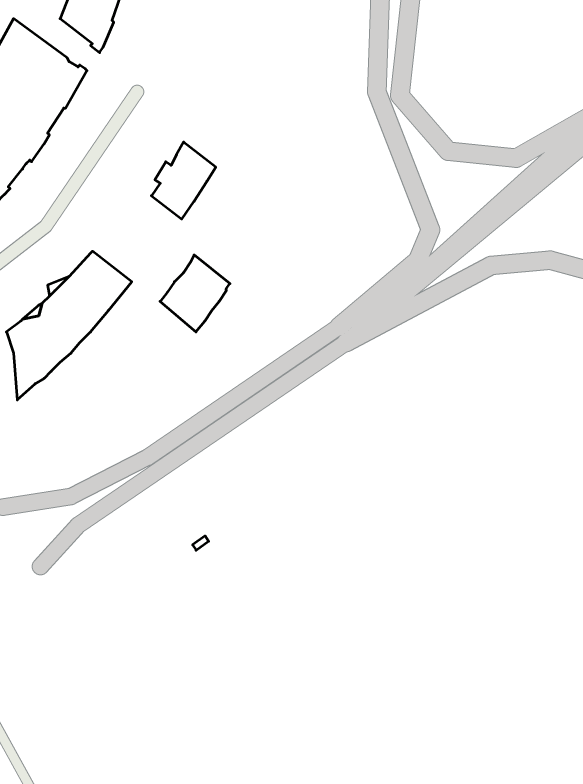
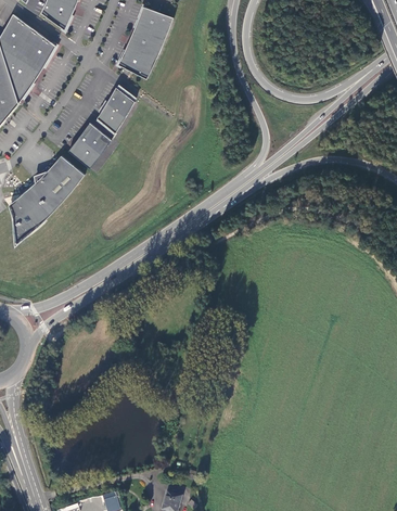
building: none -> [115,7,175,80]
building: [160,255,230,332] -> [68,120,111,167]

